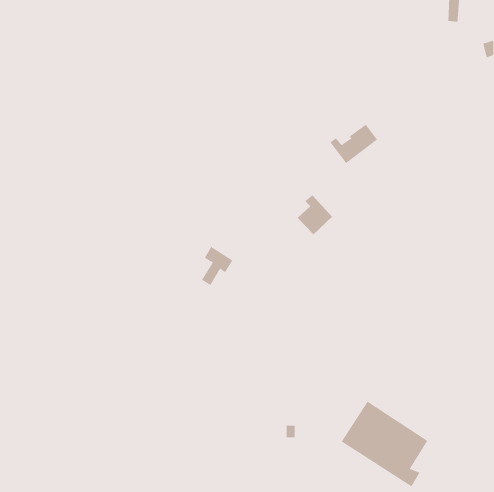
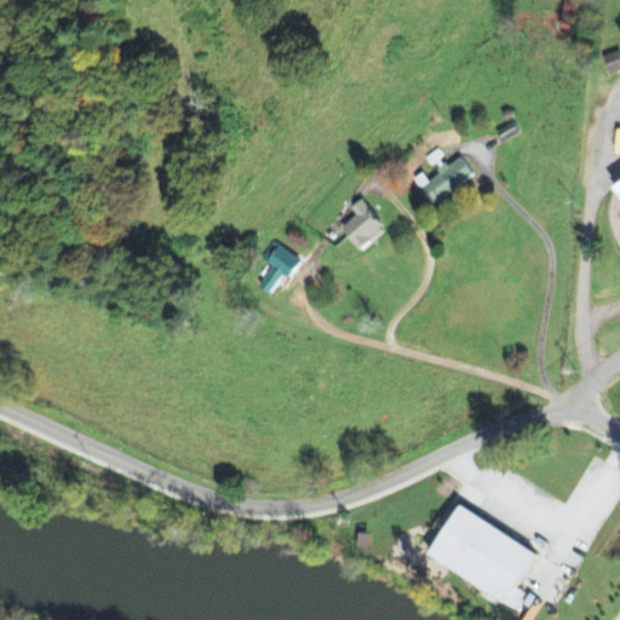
building: [297,195,333,235] -> [339,200,384,251]
building: [201,246,233,286] -> [258,245,298,294]

